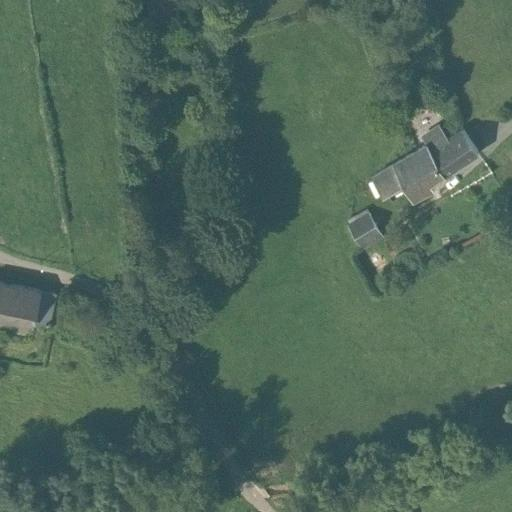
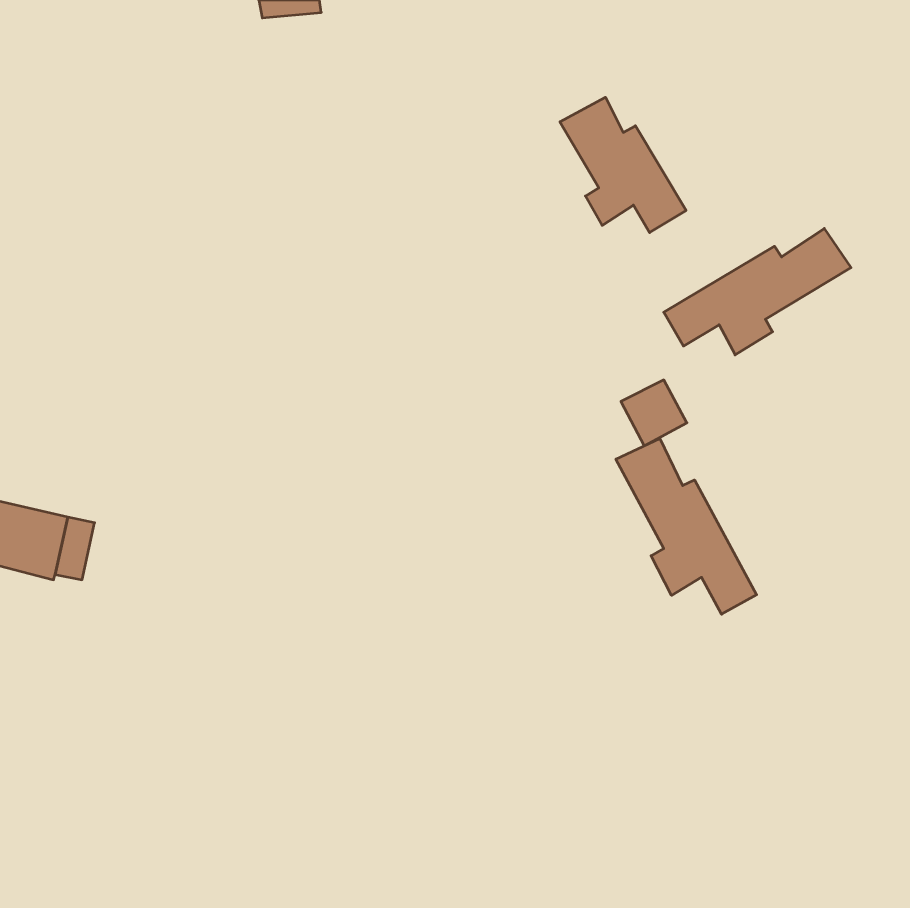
building: none -> [560,97,686,233]
building: none -> [616,439,757,614]

